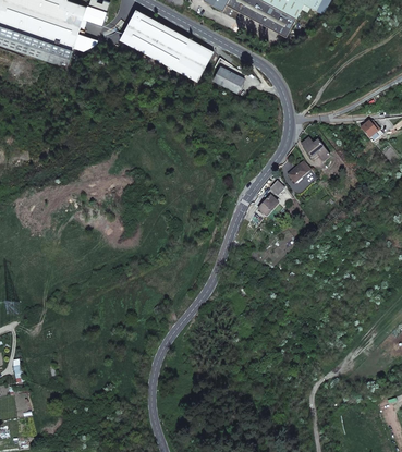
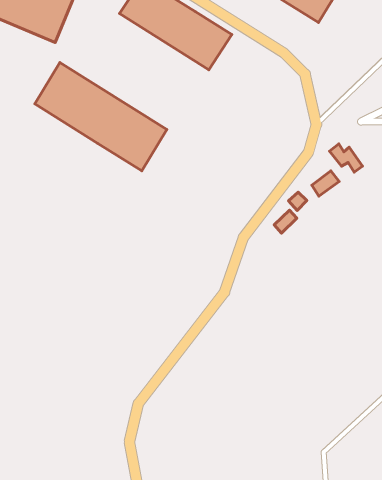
building: [212,65,244,93] -> none
building: none -> [35,62,167,171]

